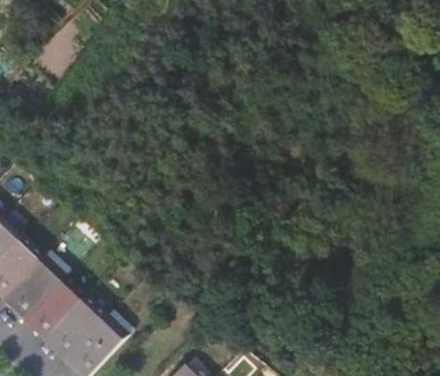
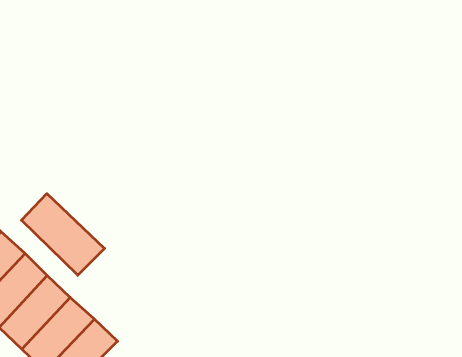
building: none -> [21,194,105,275]

